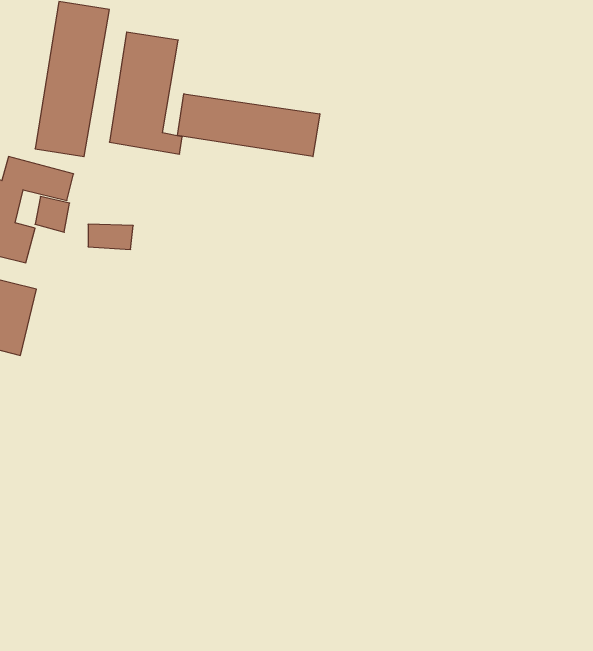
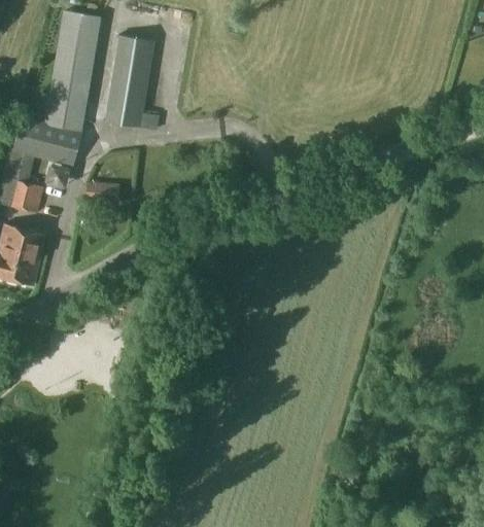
building: [177,94,320,157] -> none

